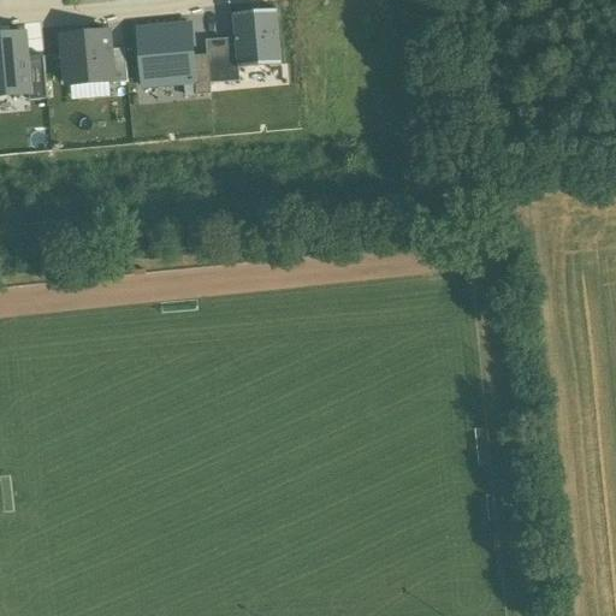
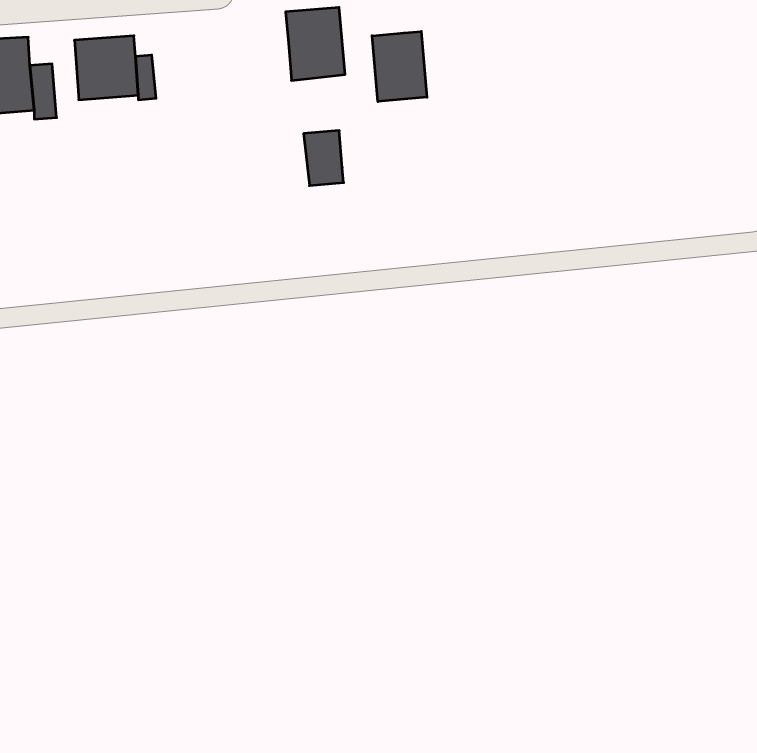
building: [136,20,194,83] -> none
building: none -> [372,31,427,102]
building: [205,35,237,79] -> [304,131,344,186]

